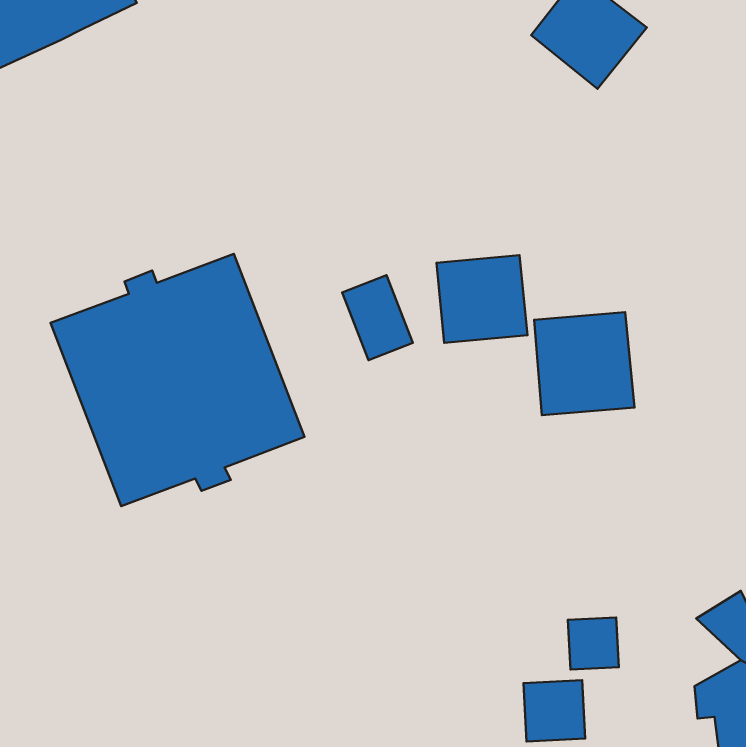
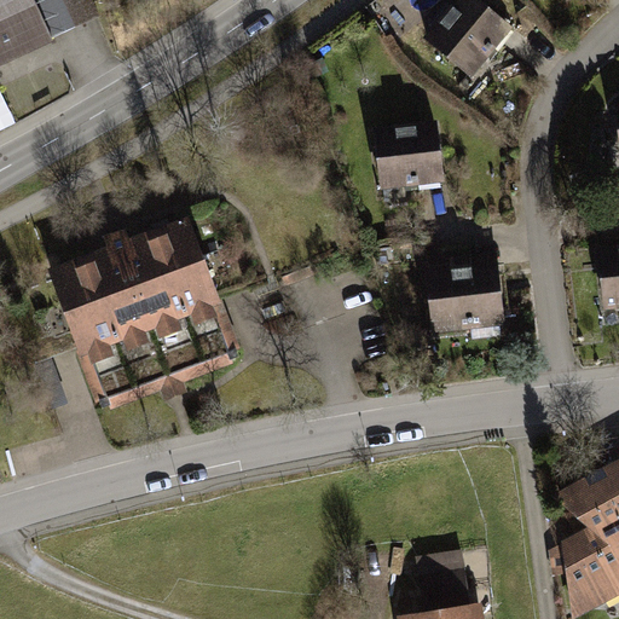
building: [436,255,527,343] -> [372,126,444,195]
building: [342,275,413,360] -> none
building: [568,617,619,670] -> none

